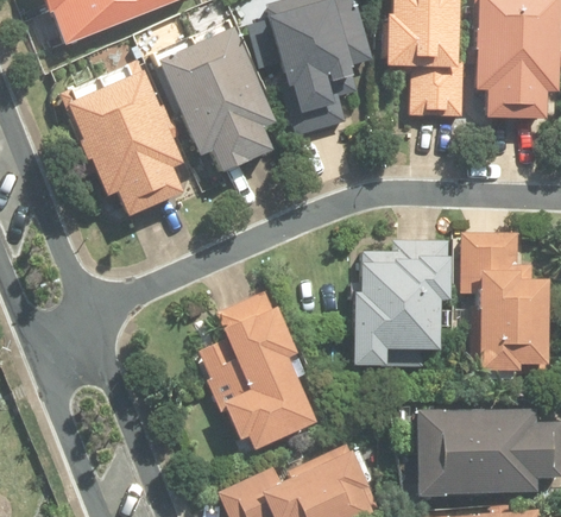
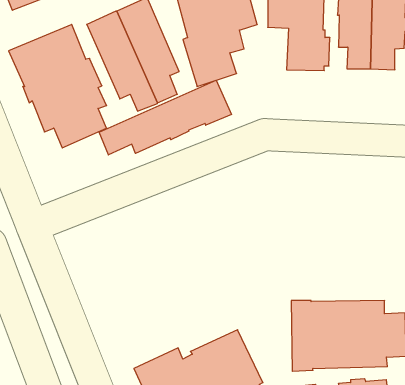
building: none -> [99,80,232,155]
building: [460,233,548,376] -> none
building: [353,240,449,367] -> none
building: [198,291,316,448] -> none

